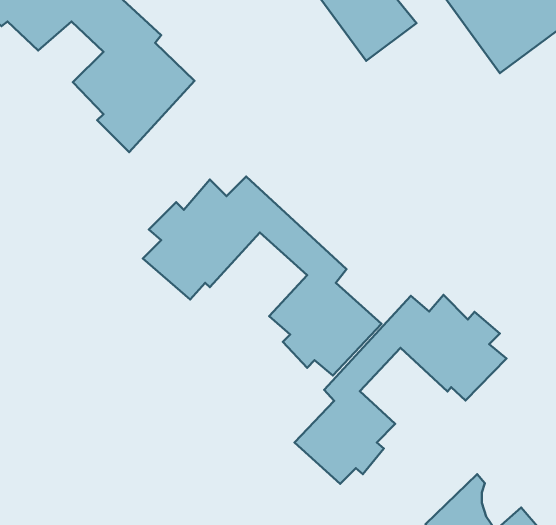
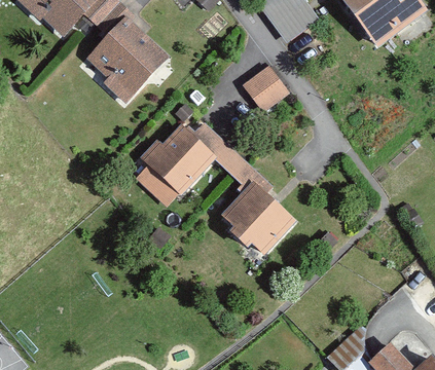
building: none -> [242,65,290,112]
building: [295,295,506,484] -> none

